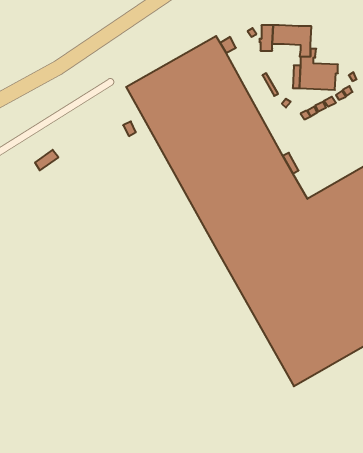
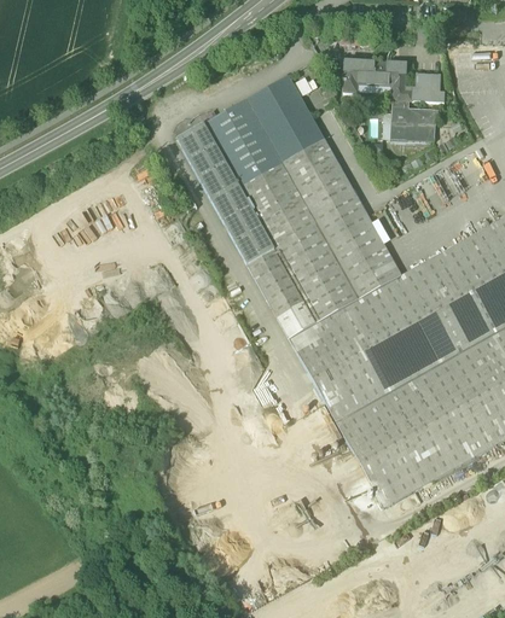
building: none -> [405,75,445,104]

